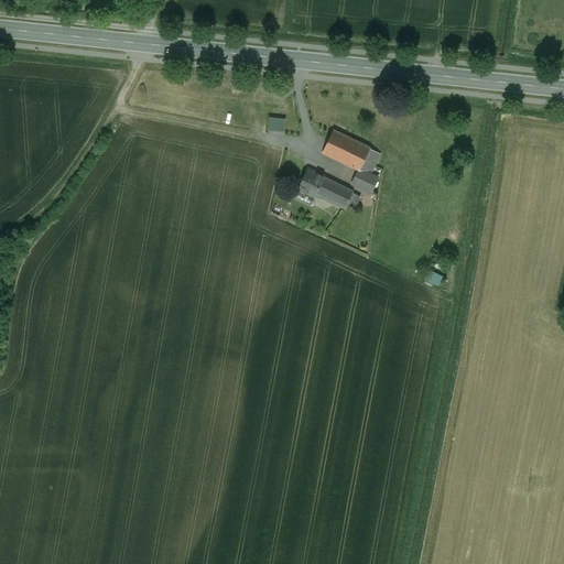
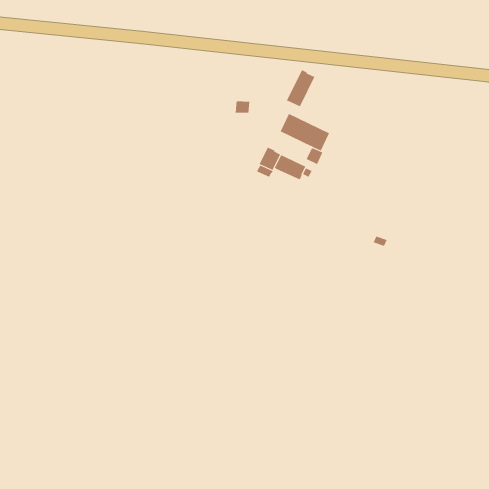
building: none -> [286,69,316,107]

